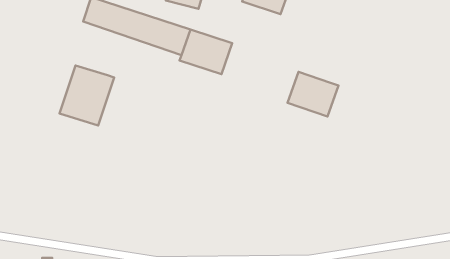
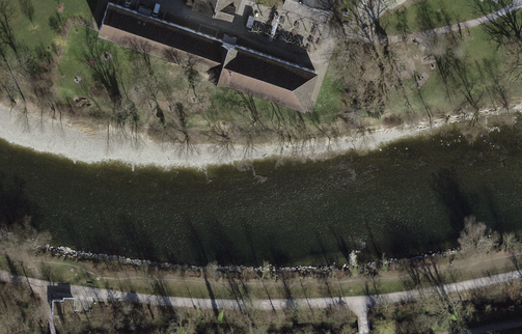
building: [60,66,114,125] -> none
building: [288,72,339,116] -> [257,55,315,106]

